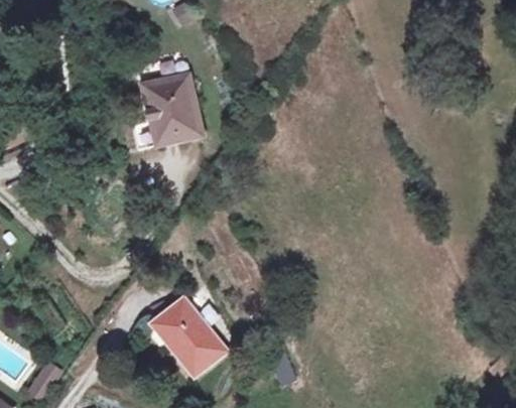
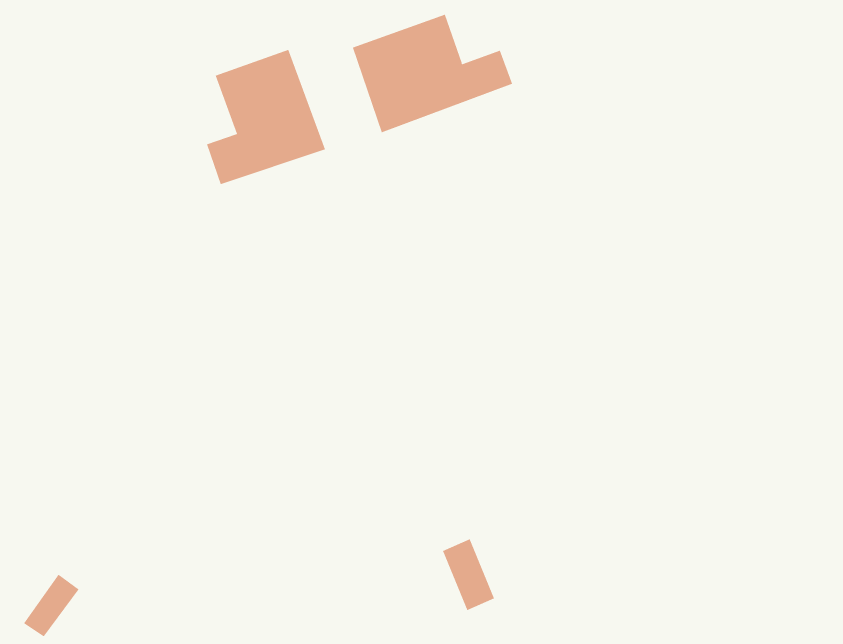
building: none -> [352,14,513,133]
building: [159,297,230,374] -> none

